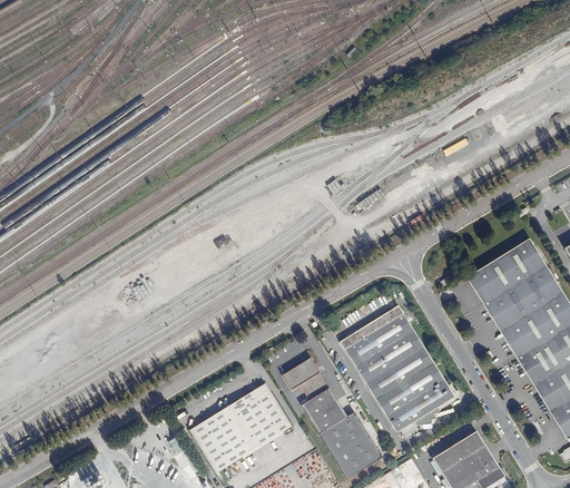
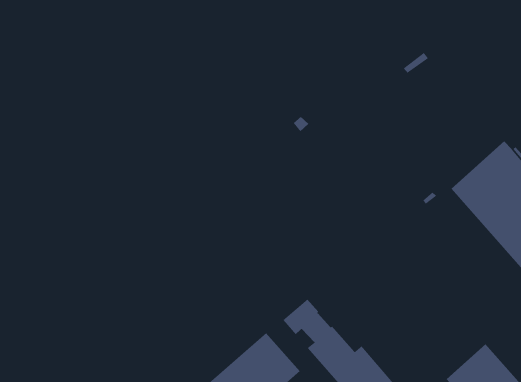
building: [340,306,454,432] -> none

